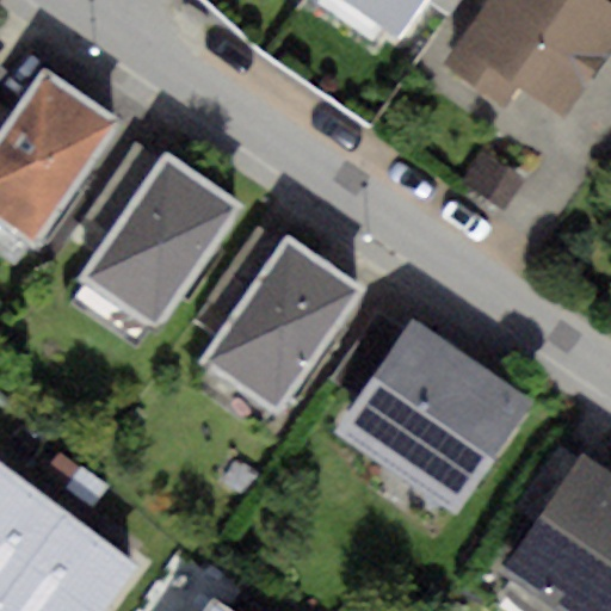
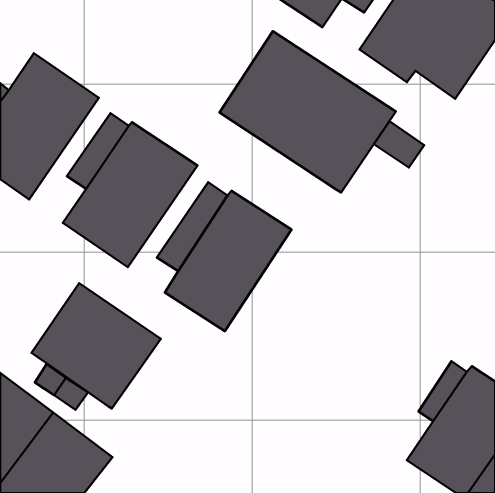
building: none -> [220,31,396,192]
building: [334,323,530,517] -> none
building: none -> [31,283,161,408]

